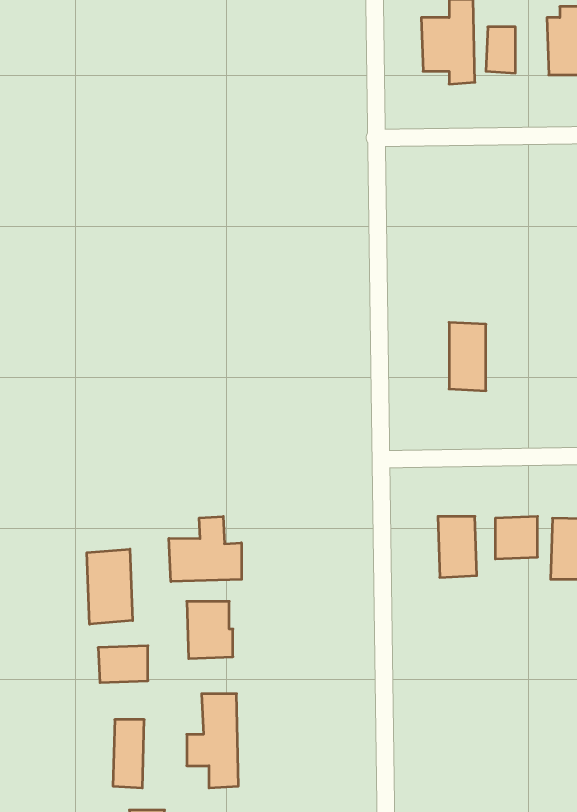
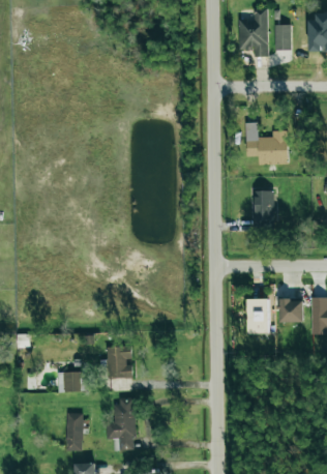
building: none -> [245,123,289,165]
building: [169,516,242,582] -> none
building: [87,549,133,624] -> none

